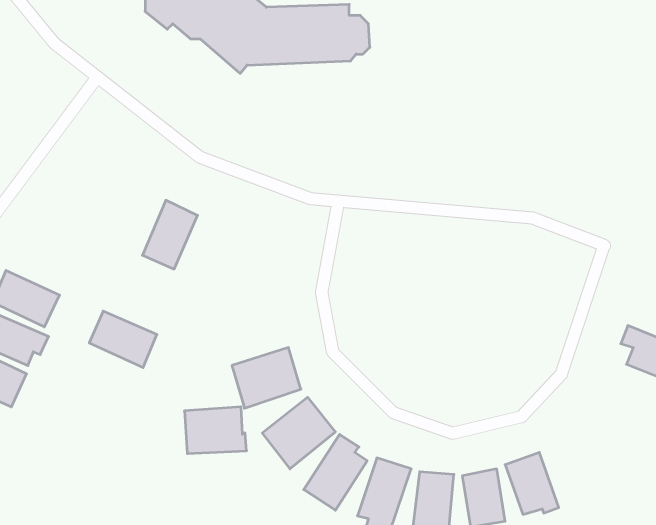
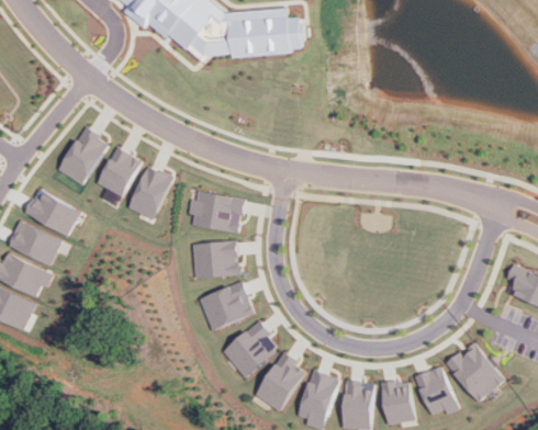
building: none -> [55,127,107,184]
building: none -> [93,146,139,195]
building: none -> [187,190,242,233]
building: [89,311,157,368] -> [23,190,77,235]
building: [184,407,247,454] -> [189,240,238,278]
building: none -> [445,341,504,401]

